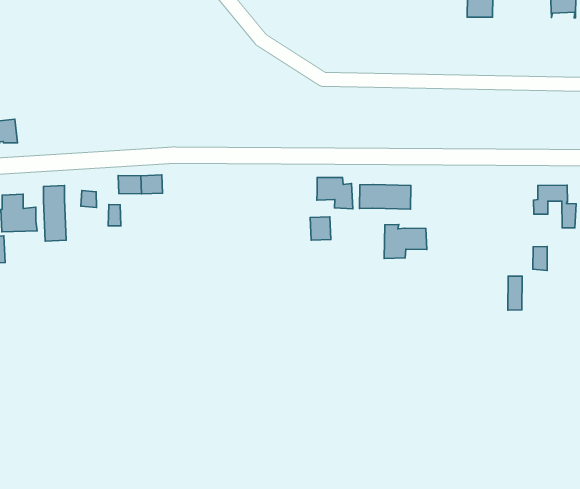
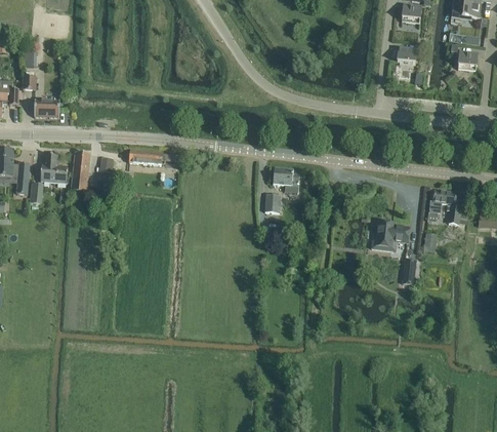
building: [359,185,411,209] -> none
building: [384,225,427,259] -> [376,221,409,246]

